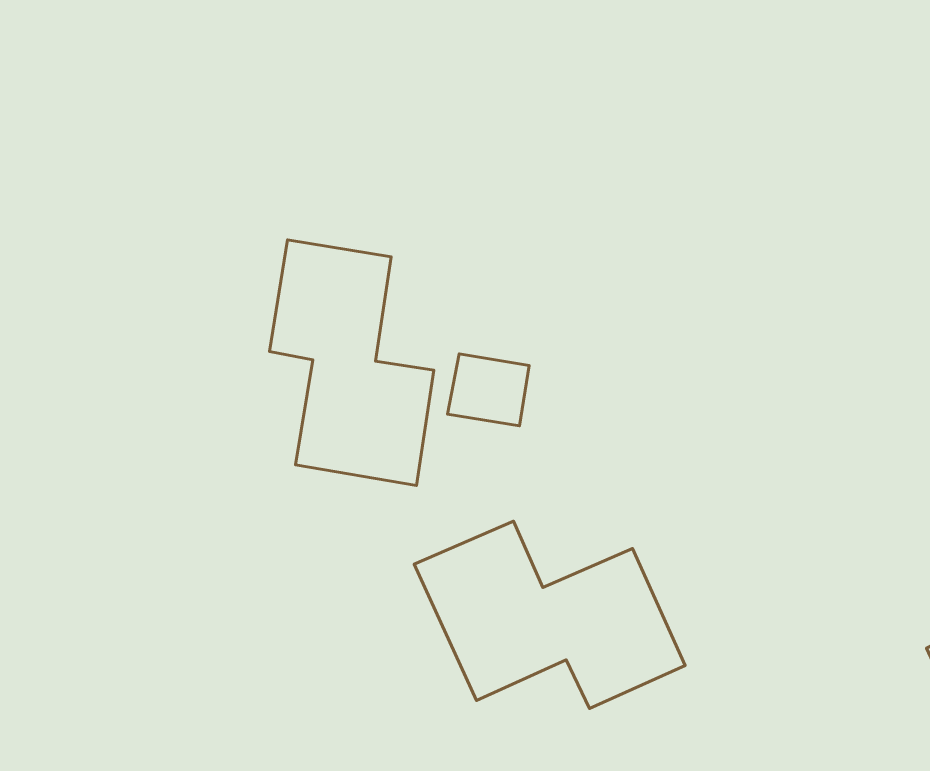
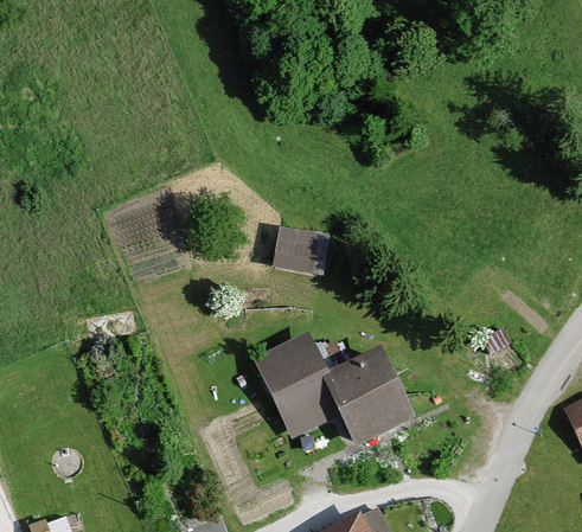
building: [270,240,434,485] -> none

